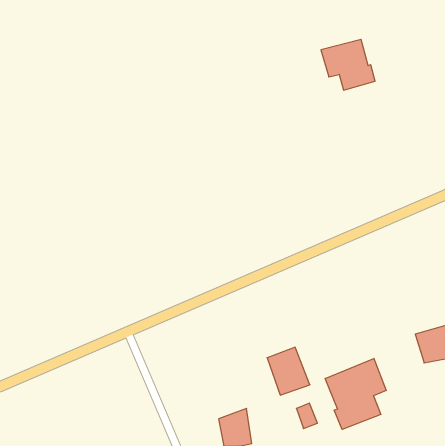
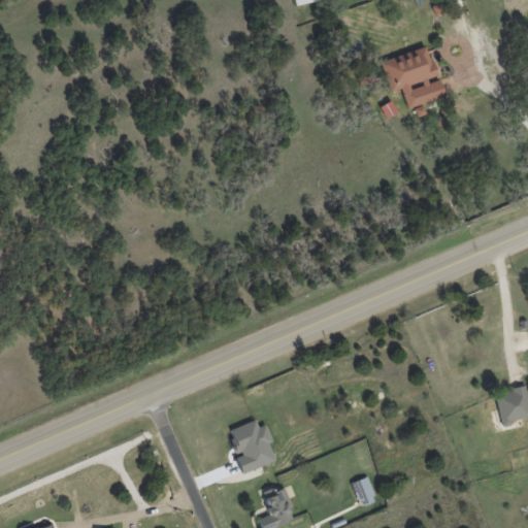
building: [267,347,310,395] -> [229,419,279,475]
building: [325,358,386,429] -> none

